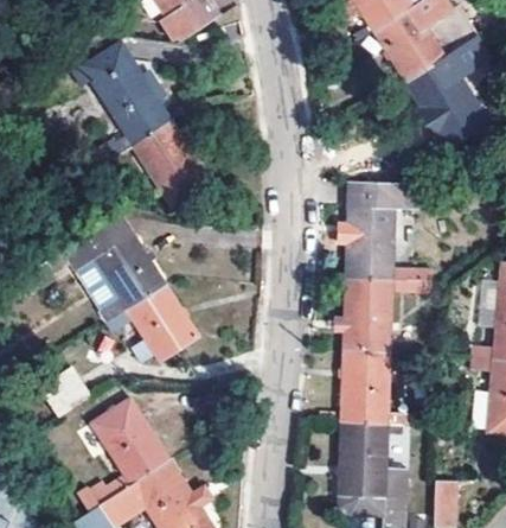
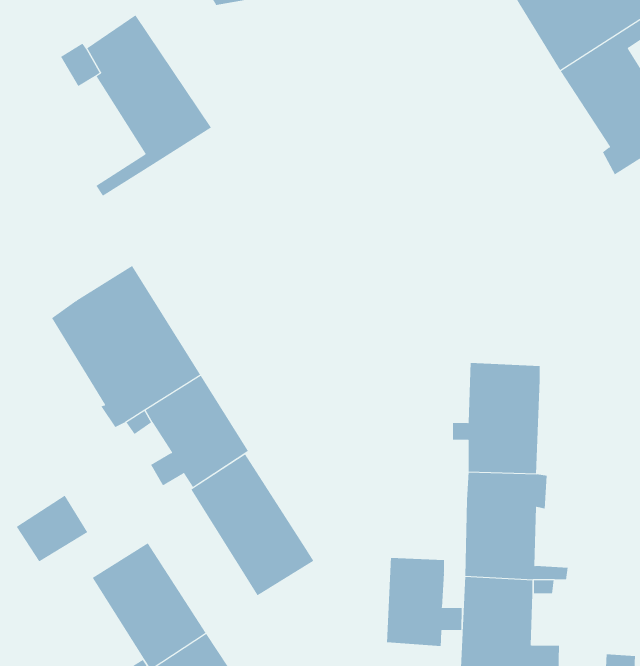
building: [133,120,210,206] -> none
building: [345,183,429,282] -> none
building: none -> [190,453,314,596]
building: none -> [387,557,462,647]

